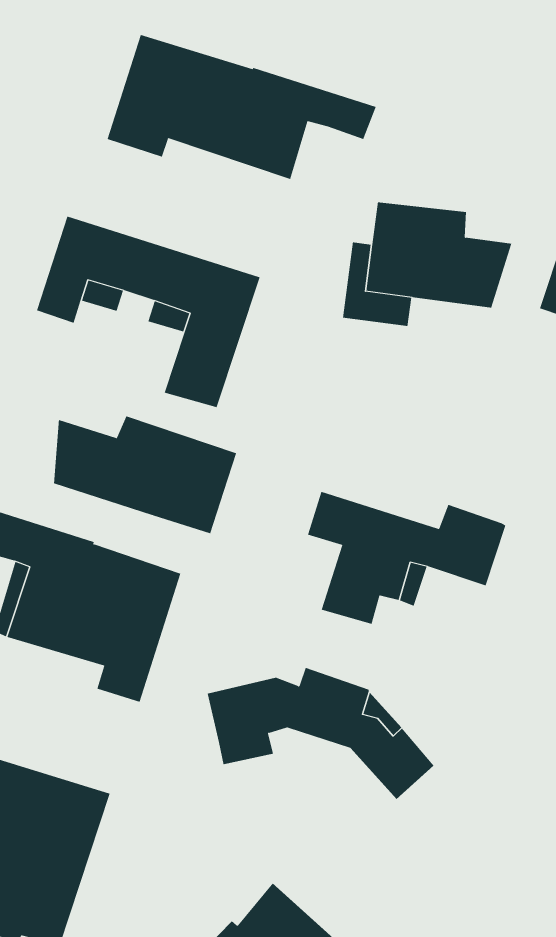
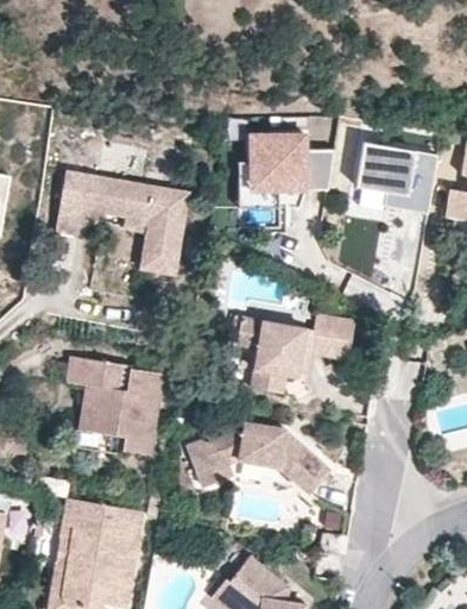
building: [107,34,376,180] -> none
building: [54,415,237,534] -> none

